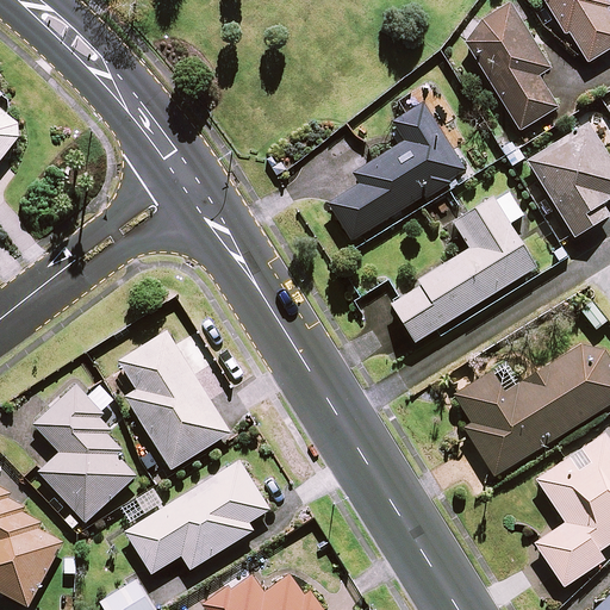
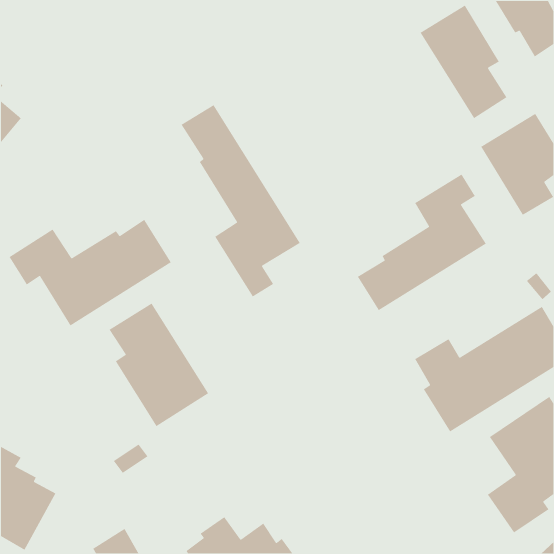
building: [329,105,466,241] -> none
building: none -> [180,104,301,298]
building: none -> [8,219,172,327]
building: [35,379,136,522] -> none
building: [126,461,269,574] -> none

